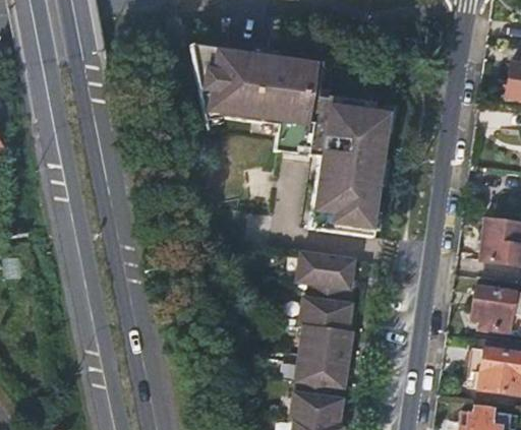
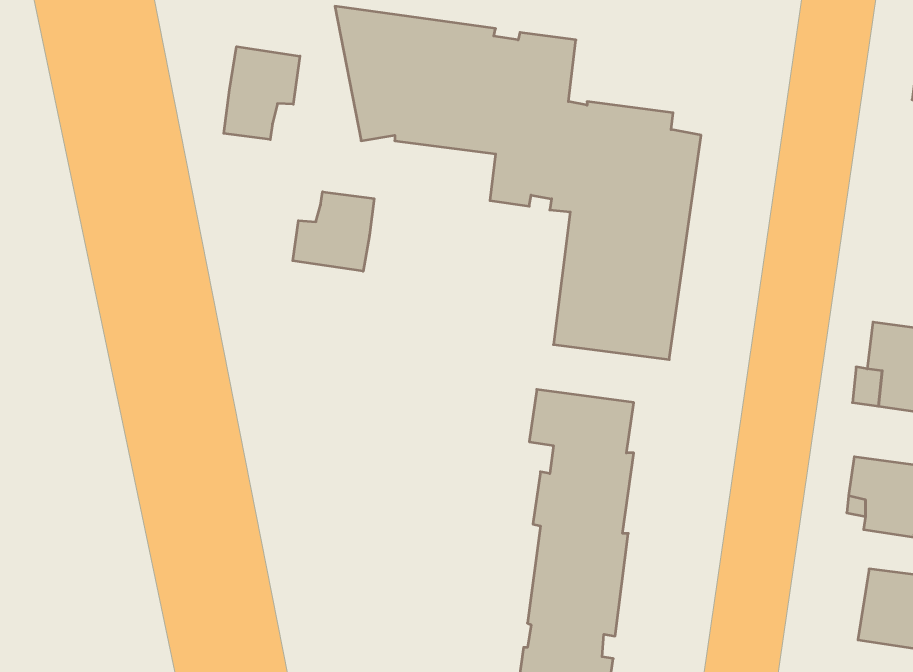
building: none -> [224,47,300,140]
building: none -> [293,192,374,271]

